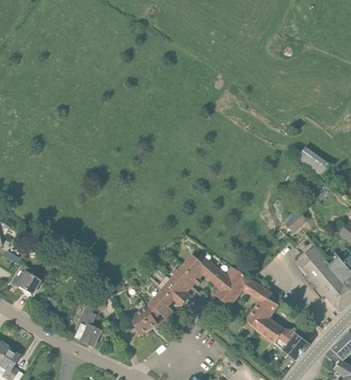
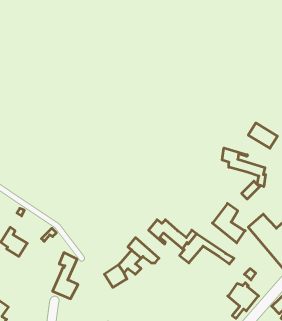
building: none -> [222,148,266,187]
building: [167,263,201,299] -> none
building: [246,297,285,343] -> [212,203,245,243]

